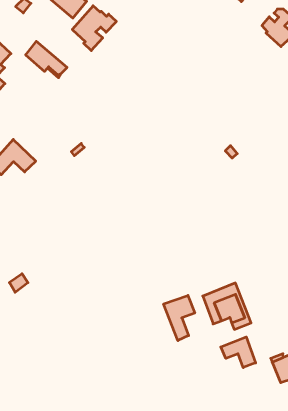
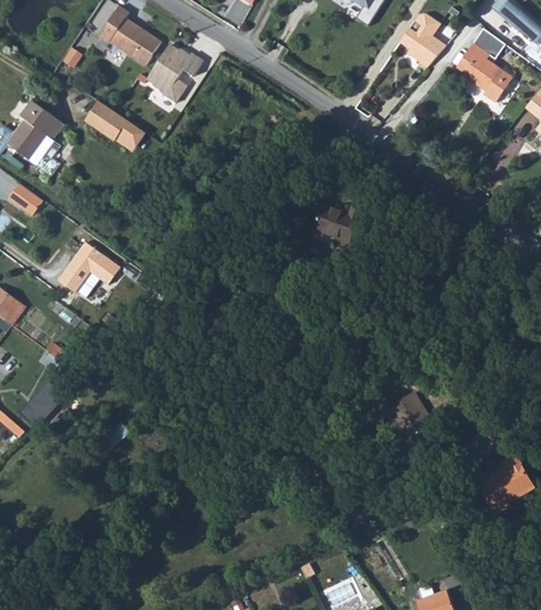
building: none -> [311,200,363,253]
building: [164,295,195,341] -> none
building: [221,337,256,368] -> none

